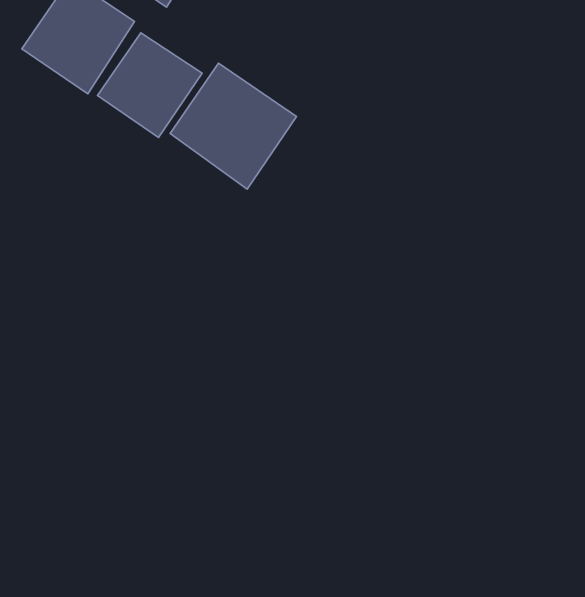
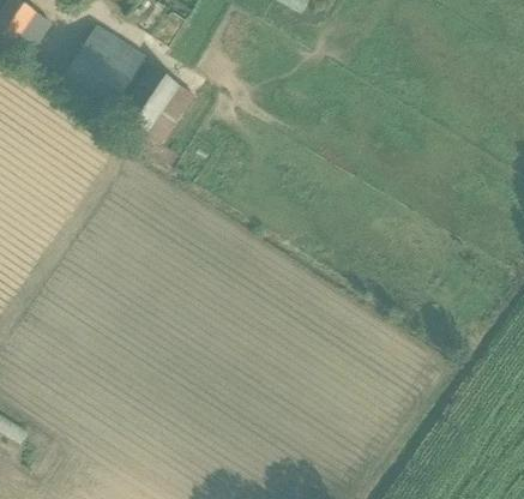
building: [170,63,297,189] -> none

